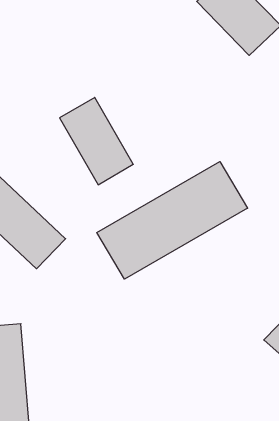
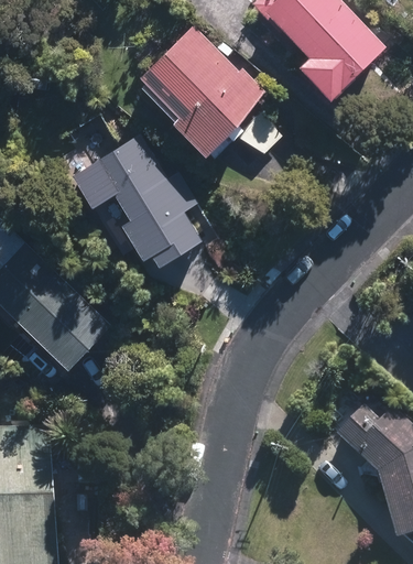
building: none -> [146,30,259,142]
building: [97,162,248,279] -> none

